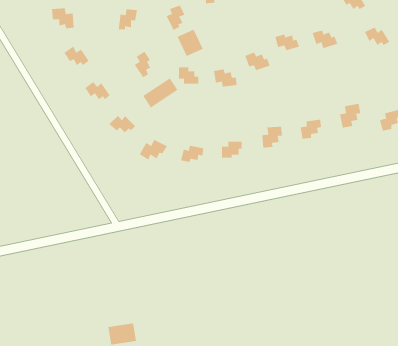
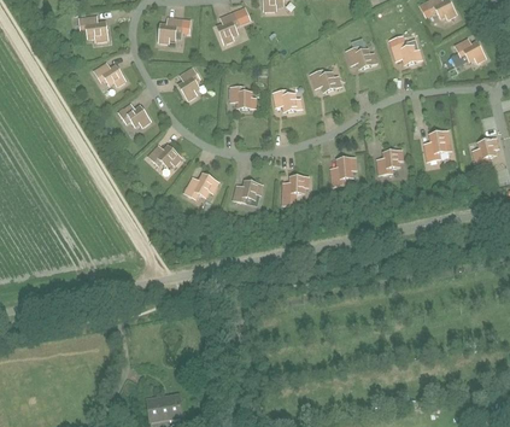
building: [177,29,203,57] -> none
building: [143,77,178,108] -> none

